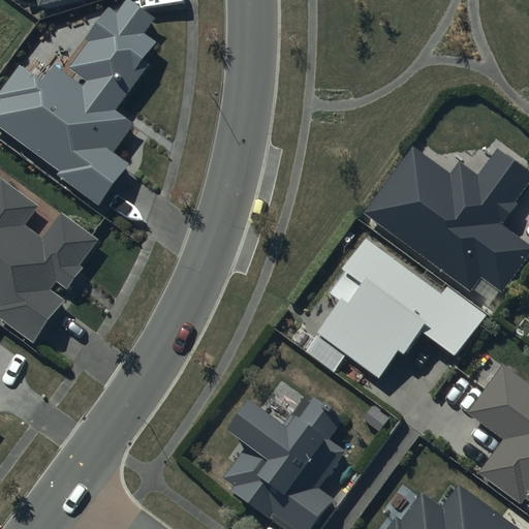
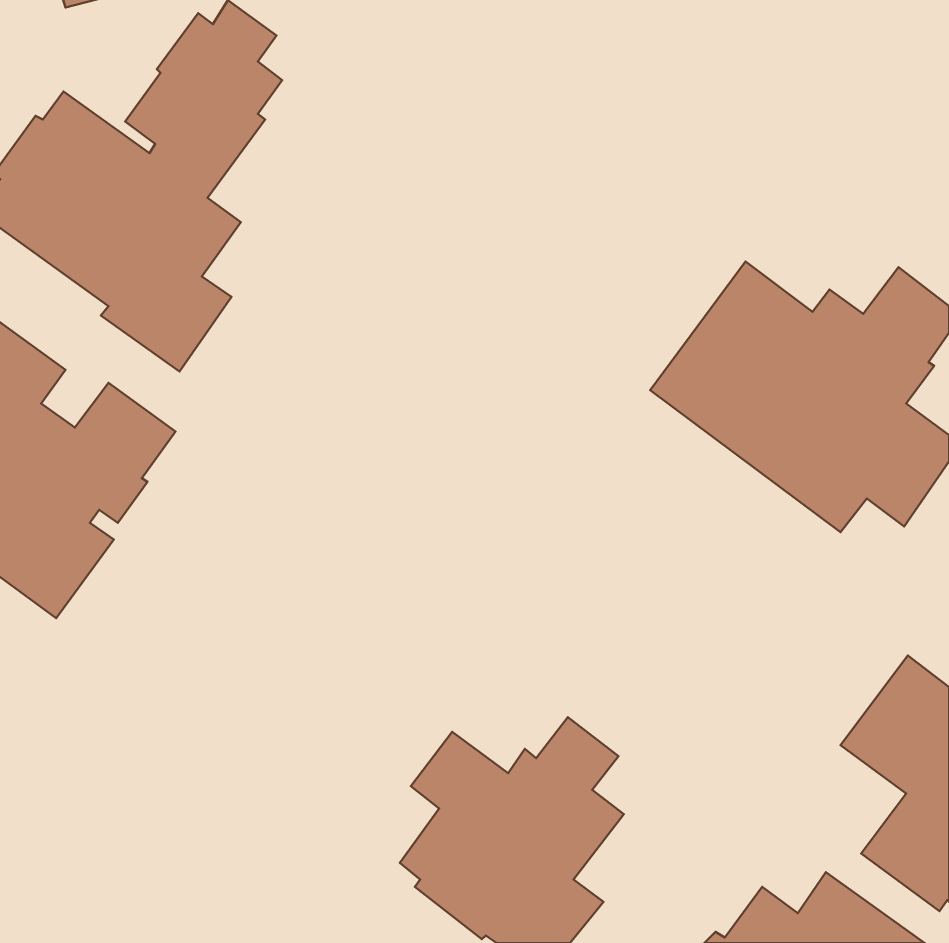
building: [316,239,485,378] -> none

